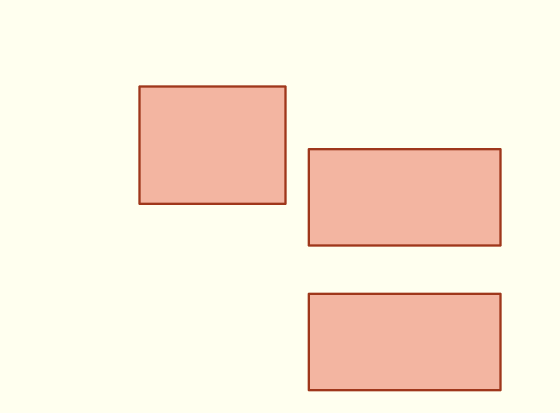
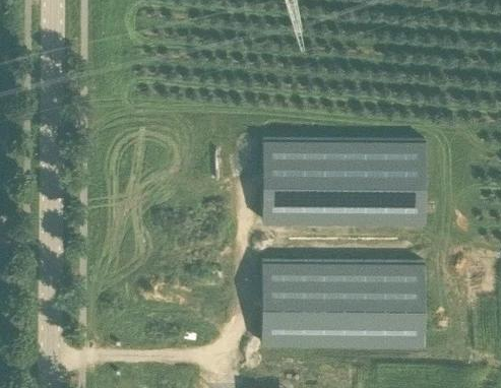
building: [140,86,286,204] -> none

